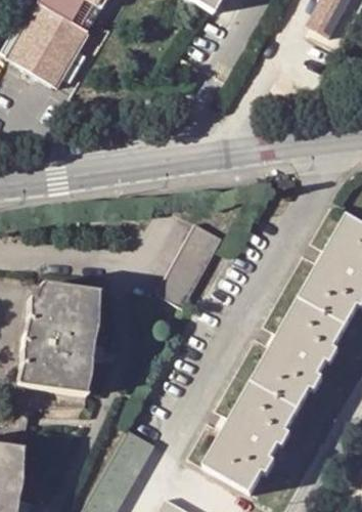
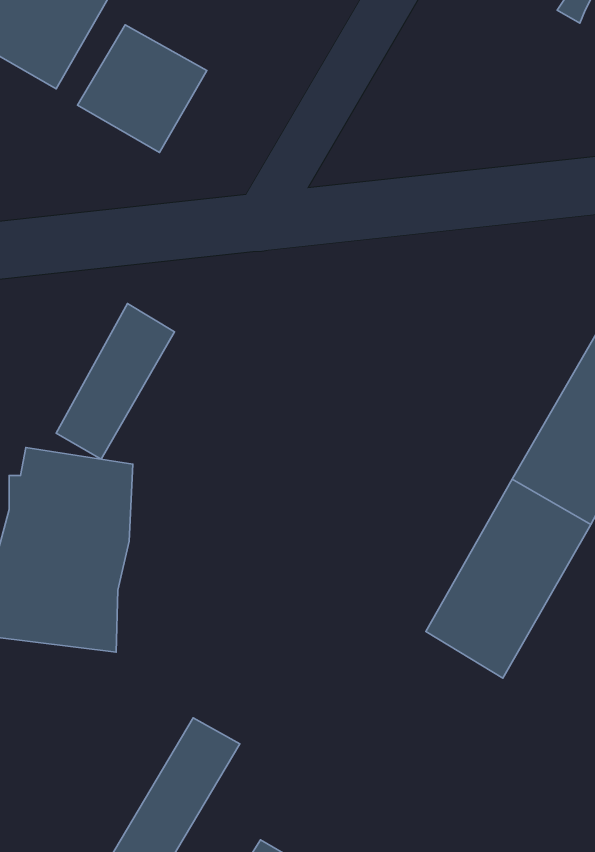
building: none -> [77,25,207,152]
building: [159,220,223,305] -> [56,304,175,459]
building: [209,381,299,489] -> none

